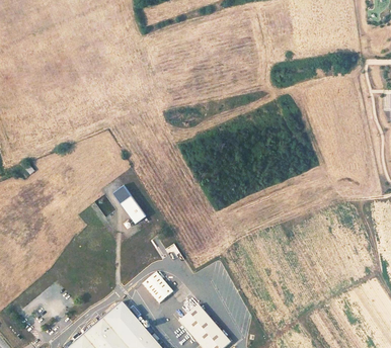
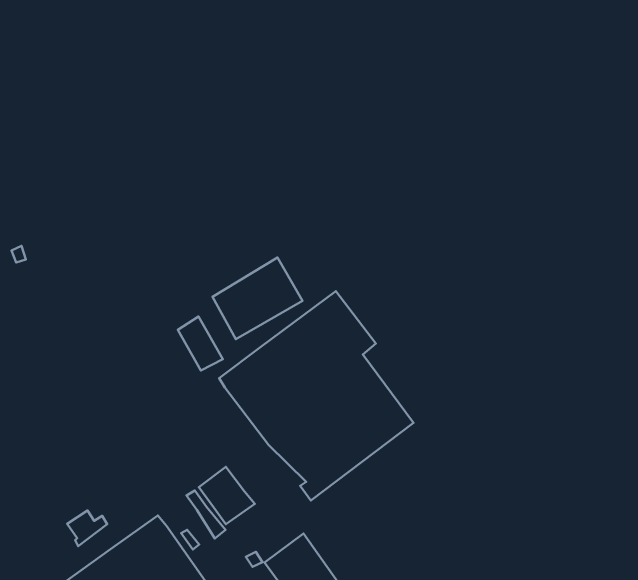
building: none -> [213,258,302,339]
building: none -> [219,291,413,501]

